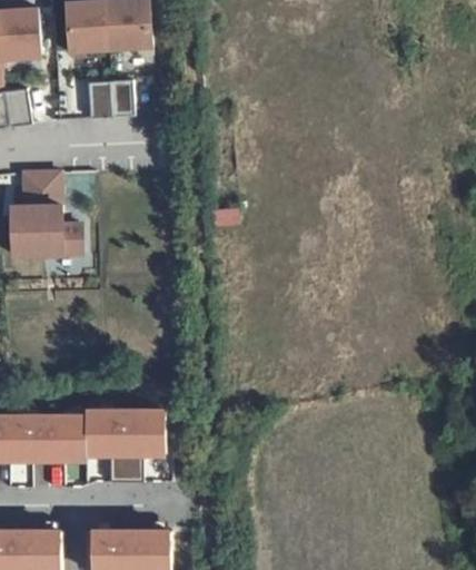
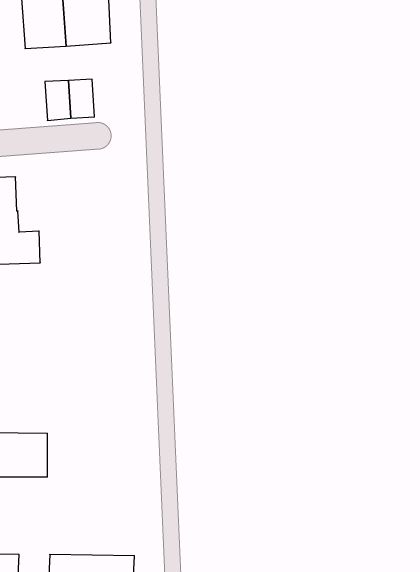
building: [89,410,168,481] -> none

